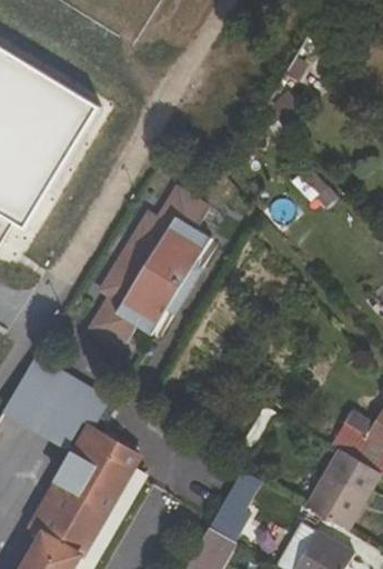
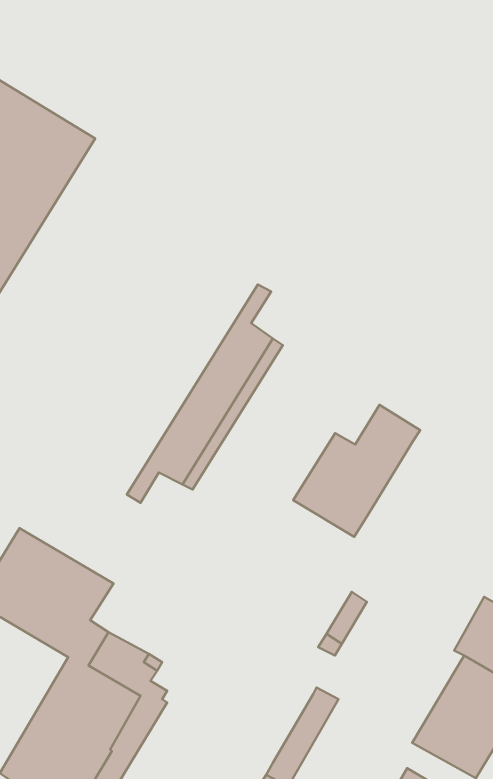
building: [91,187,202,341] -> none
building: none -> [293,405,420,537]

